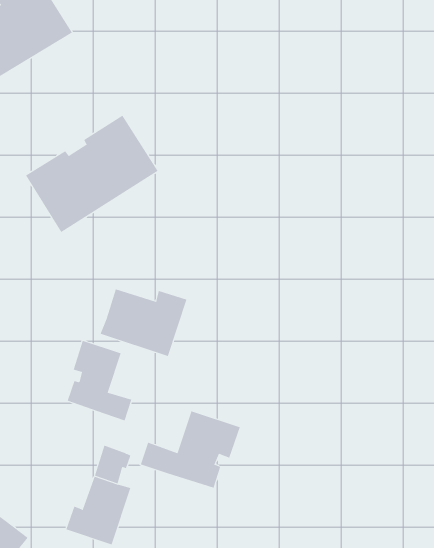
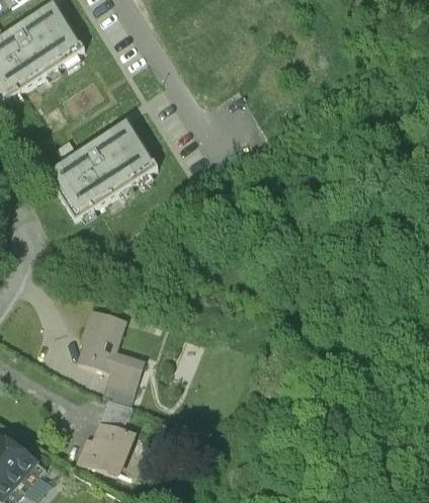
building: [100,289,187,357] -> none
building: [140,410,240,488] -> none
building: none -> [103,370,139,404]

